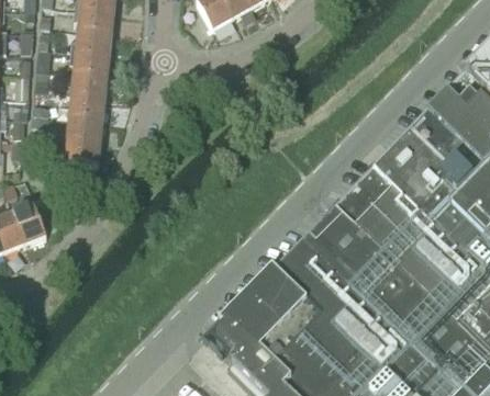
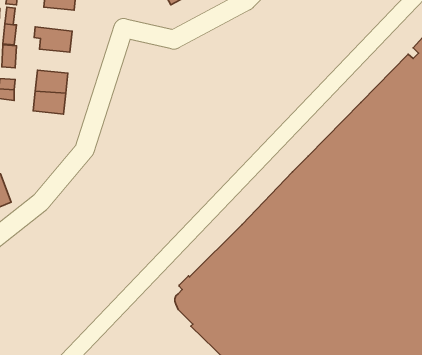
building: [69,31,110,56] -> none
building: [71,75,105,100] -> none
building: [65,139,99,165] -> none

